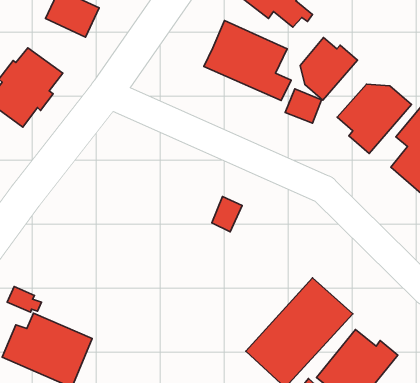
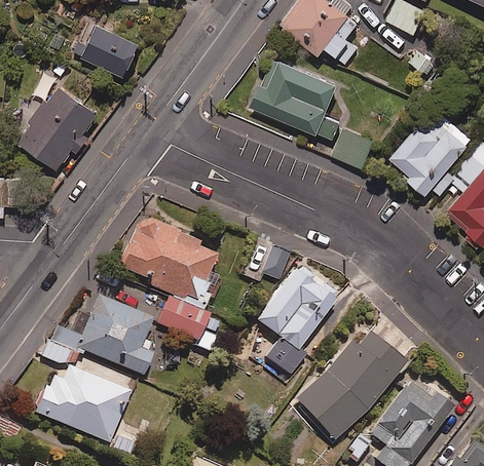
building: [300,38,357,100] -> none
building: none -> [121,216,219,340]
building: none -> [255,264,339,377]
building: none -> [57,296,158,376]

